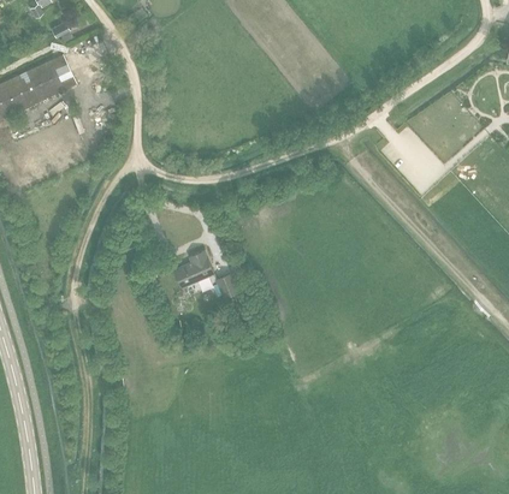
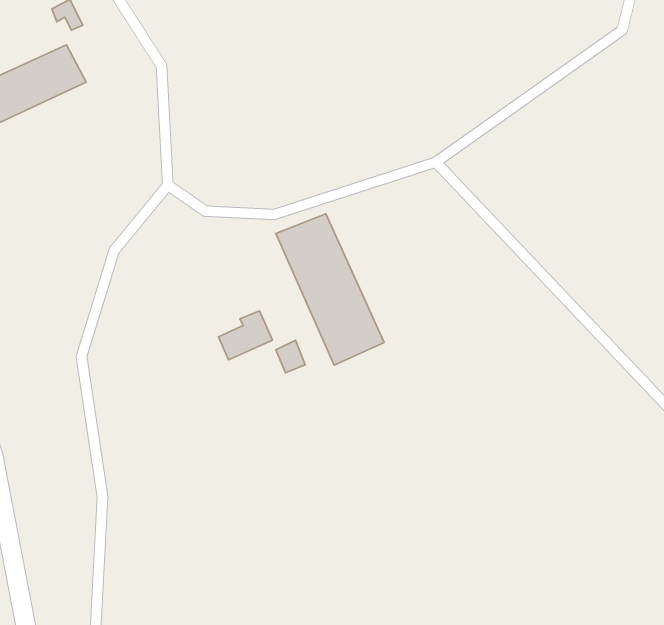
building: none -> [276,214,384,365]

